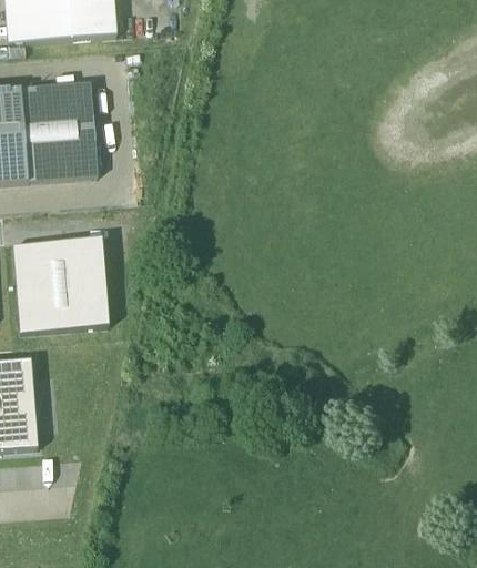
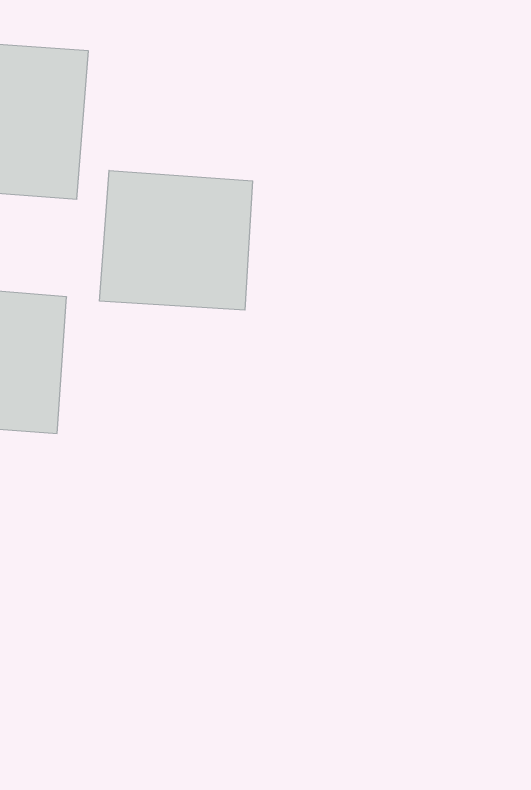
building: none -> [100,170,253,310]

